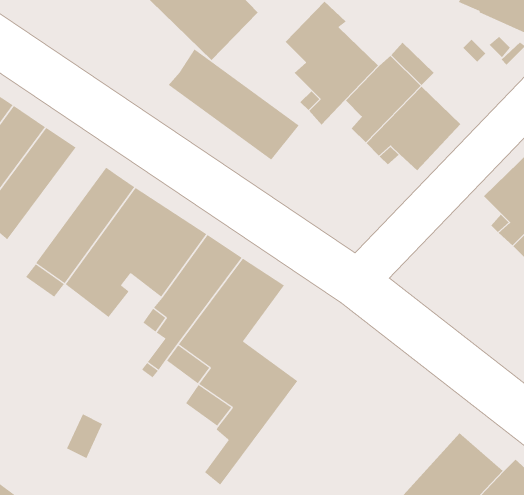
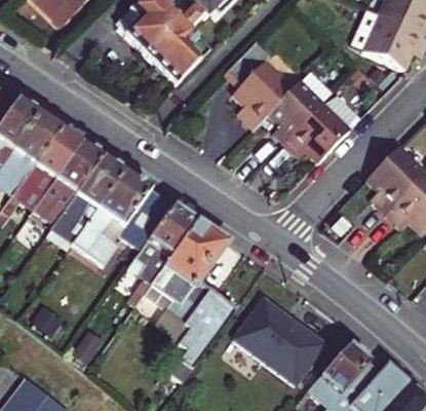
building: [168,49,300,161] -> none
building: none -> [33,145,102,224]
building: none -> [235,297,323,380]

